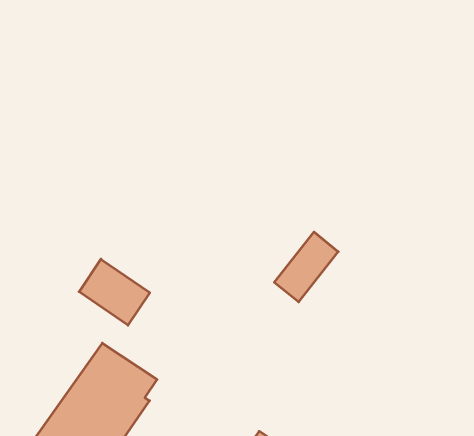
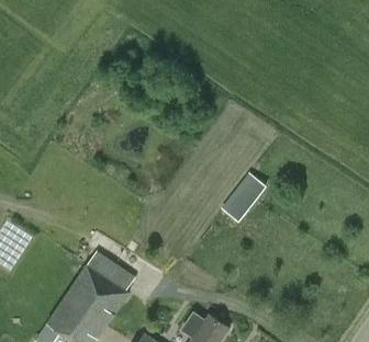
building: [79,259,150,325] -> none

